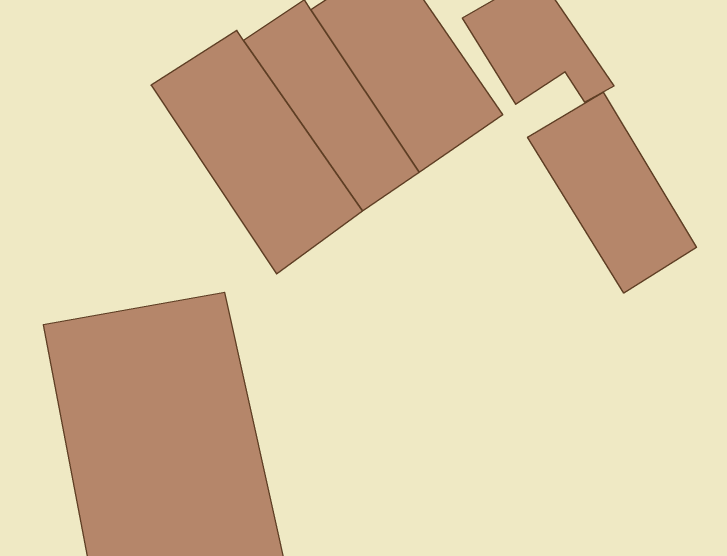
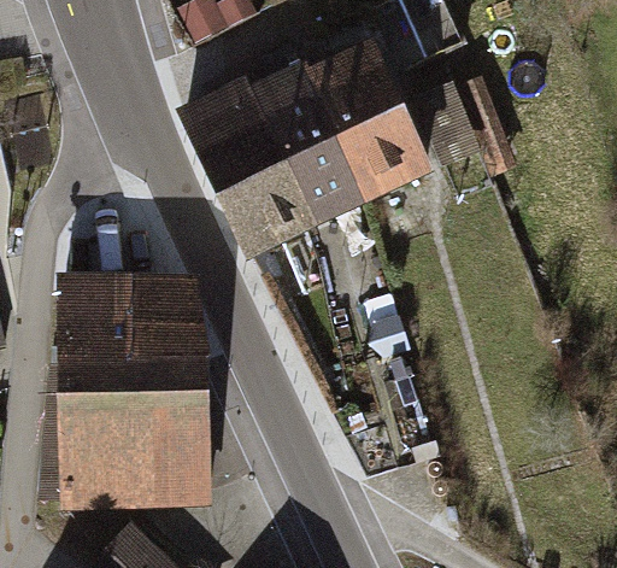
building: [528,92,696,293] -> none

